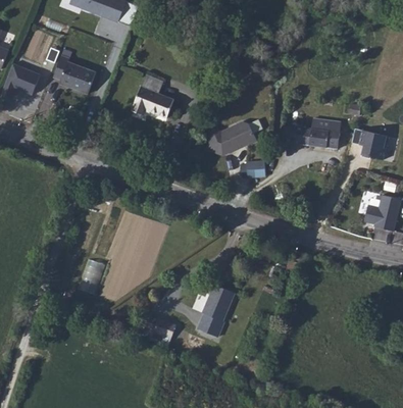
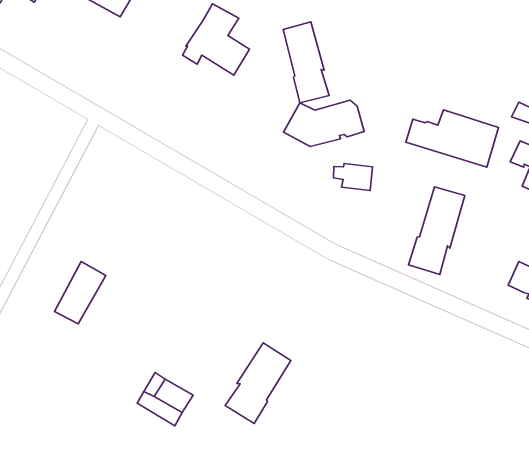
building: none -> [283,22,329,103]
building: none -> [409,187,465,275]

